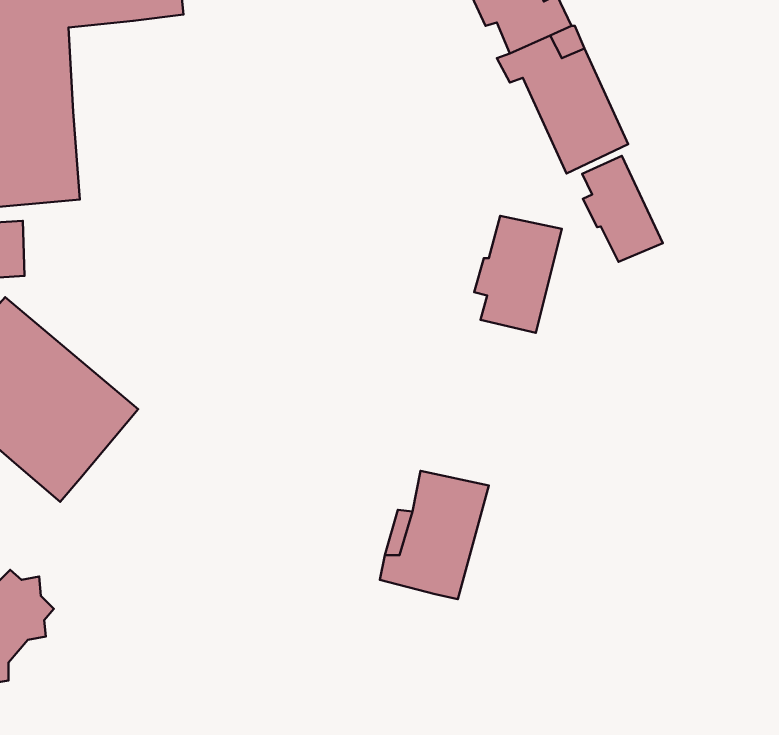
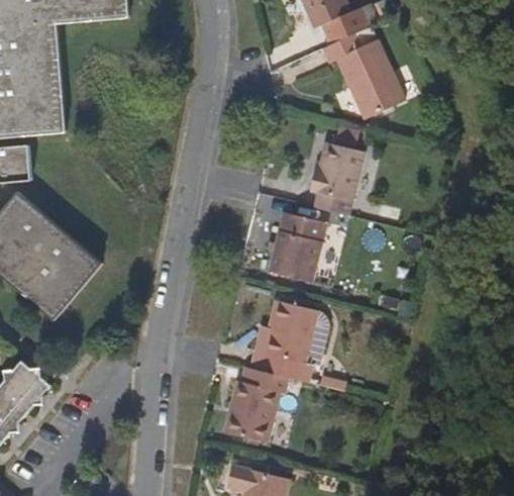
building: [582,156,663,262] -> none
building: none -> [270,211,325,279]
building: none -> [224,367,285,445]

